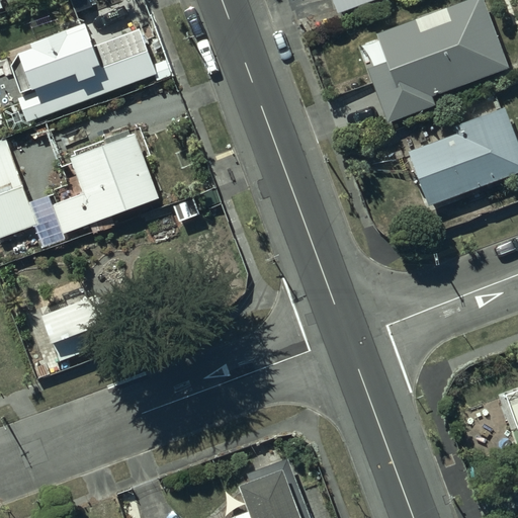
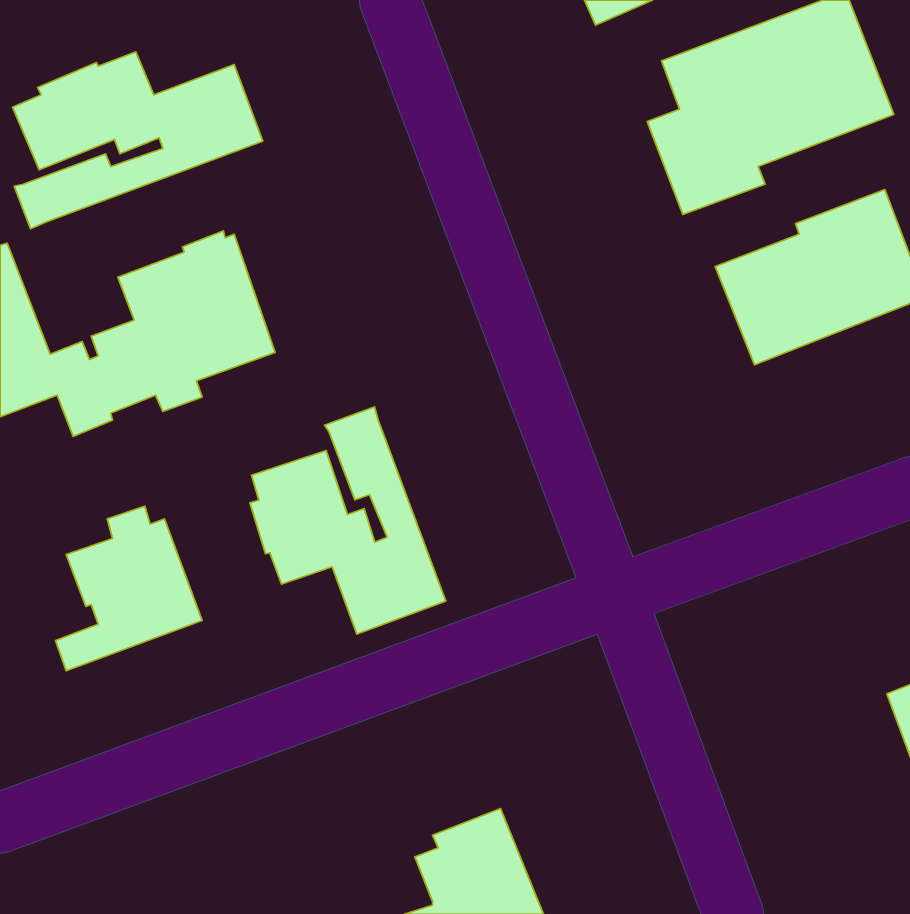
building: none -> [250,407,446,634]

